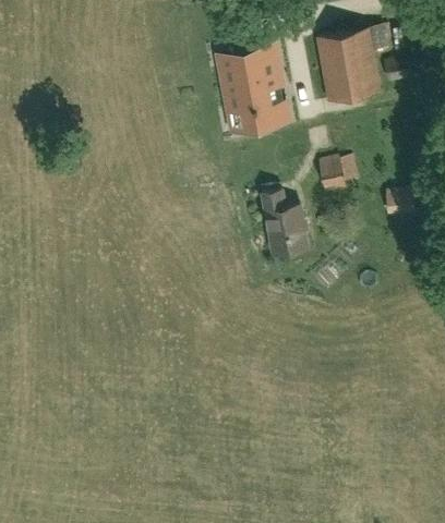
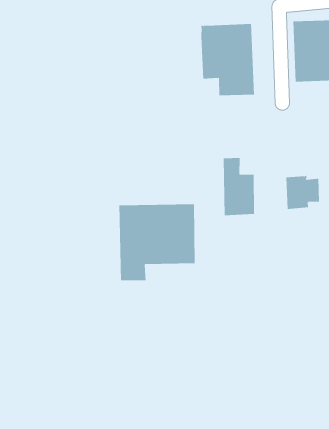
building: [317,155,358,194] -> [285,175,320,209]
building: none -> [119,204,195,281]

